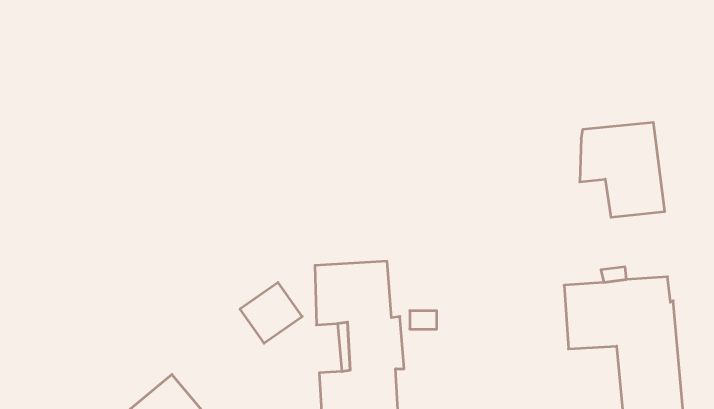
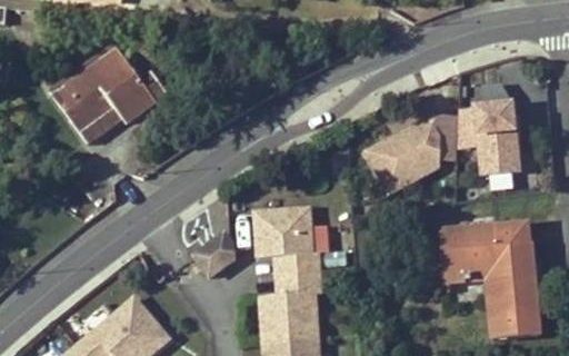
building: none -> [54,51,156,129]
building: none -> [363,115,458,197]

